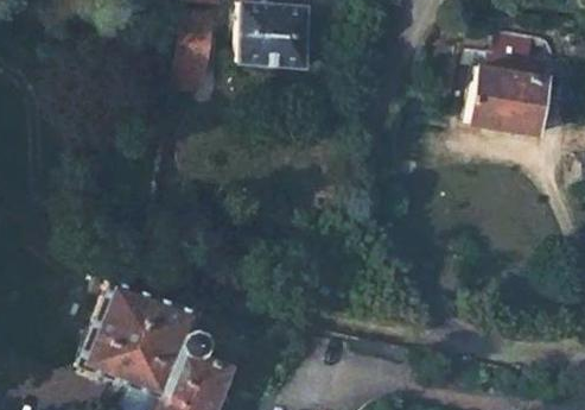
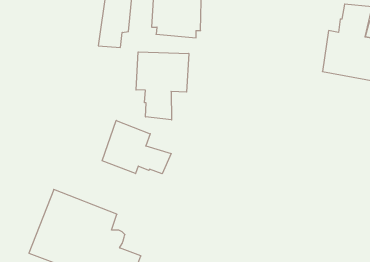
building: none -> [136,52,189,120]
building: none -> [102,120,171,174]

